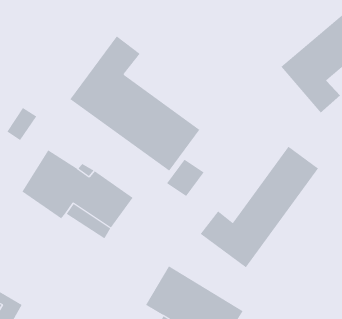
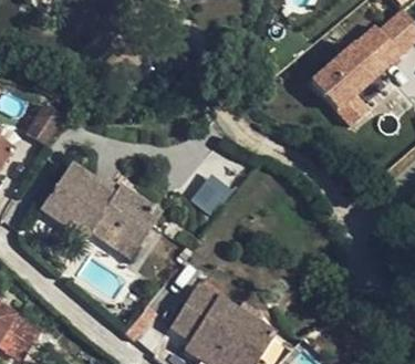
building: [69,35,200,172] -> none
building: [200,146,319,268] -> none

